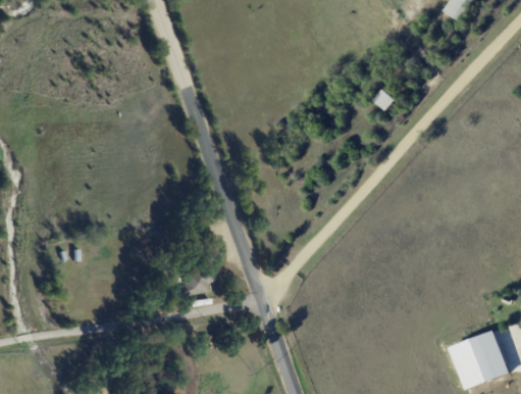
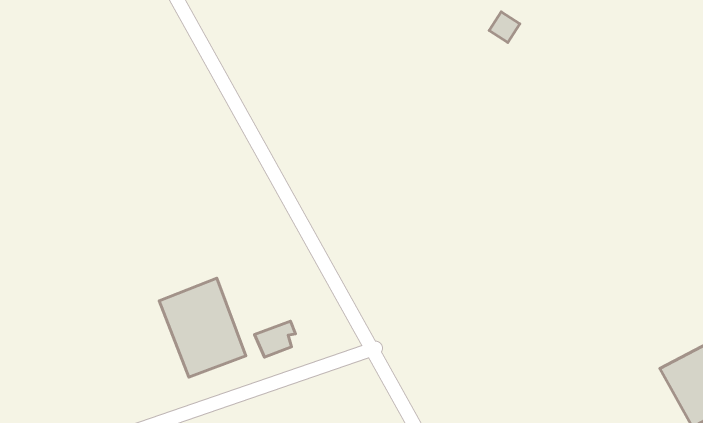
building: none -> [159,278,246,377]

